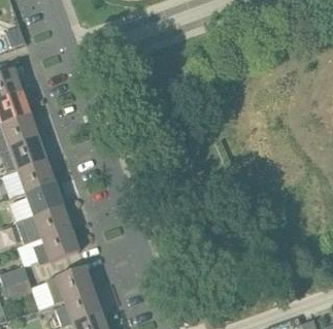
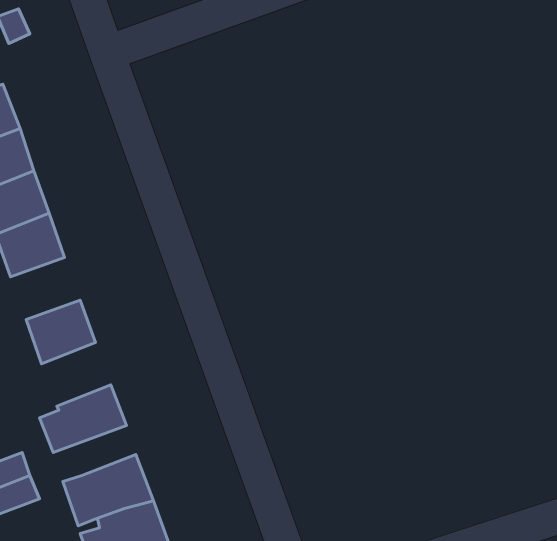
building: [18,161,55,194] -> none
building: [18,206,71,245] -> none

